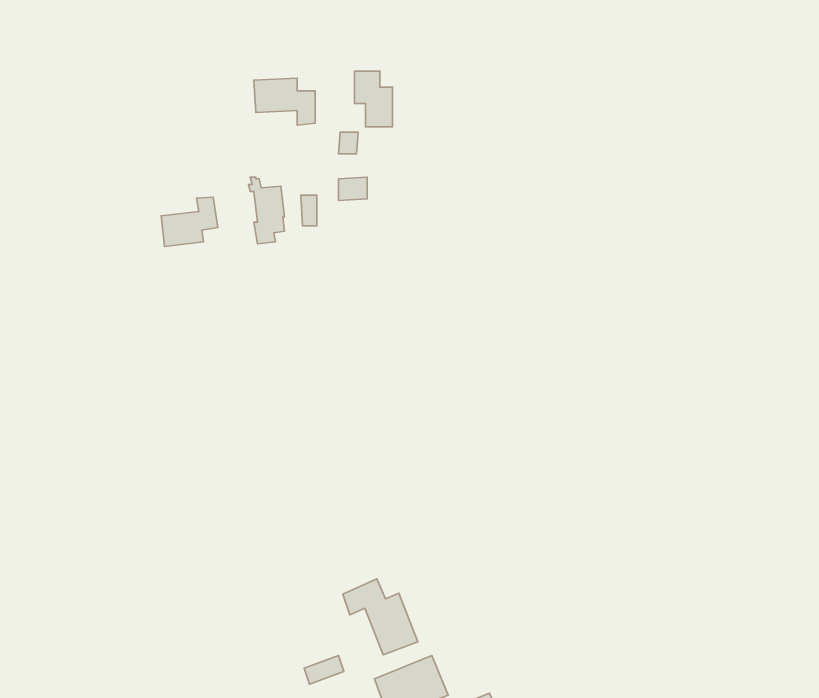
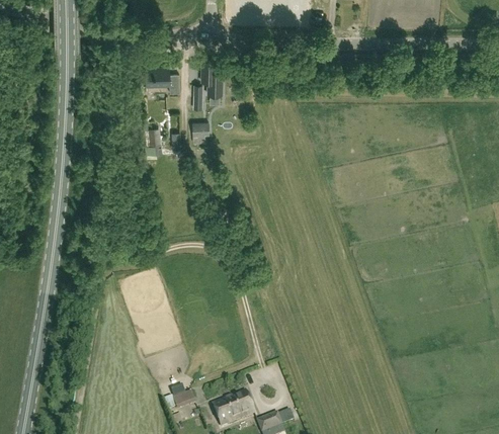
building: [161,197,218,246] -> none
building: [343,579,418,655] -> none

